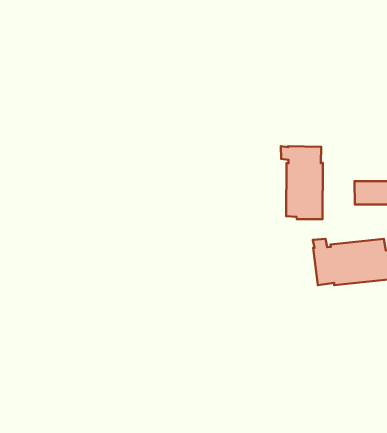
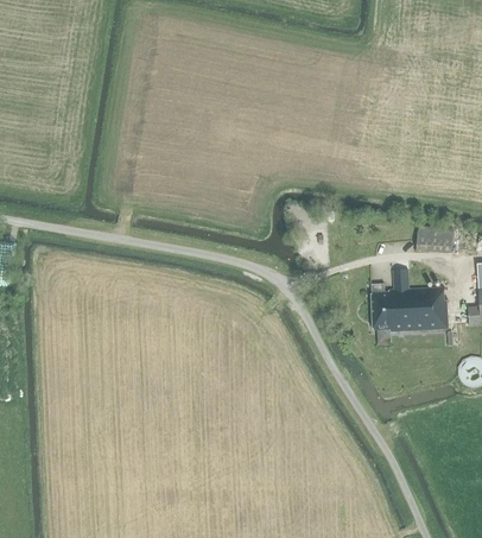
building: [281,146,323,219] -> none

